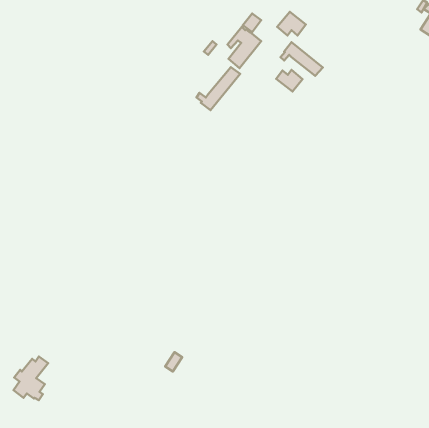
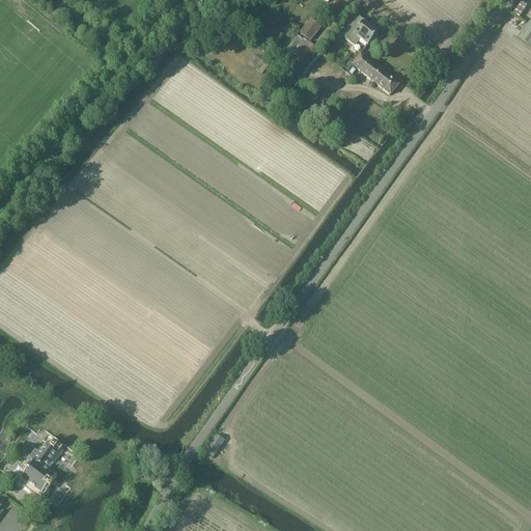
building: [197,67,240,110] -> none
building: [276,70,303,92] -> none

